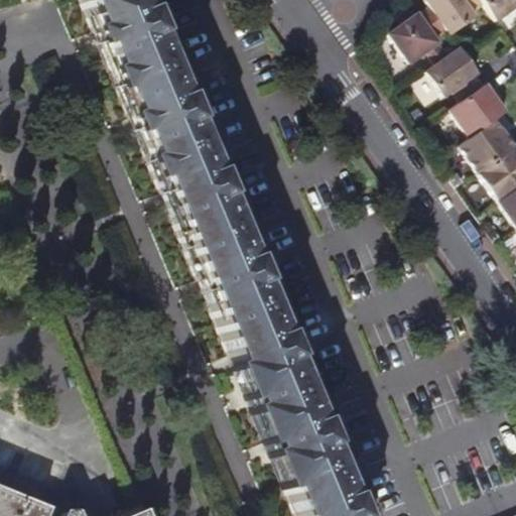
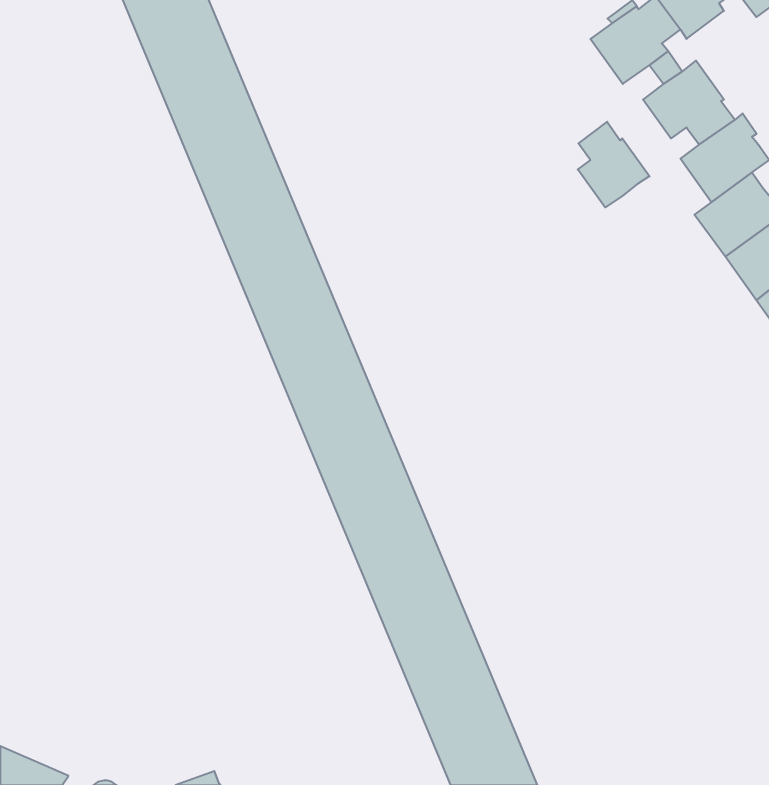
building: none -> [578,122,650,207]

